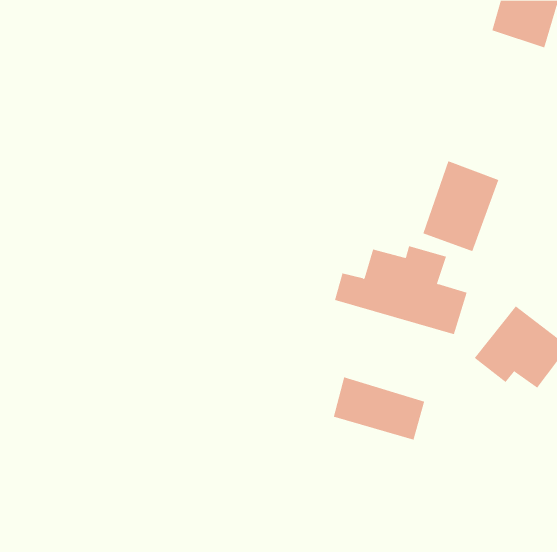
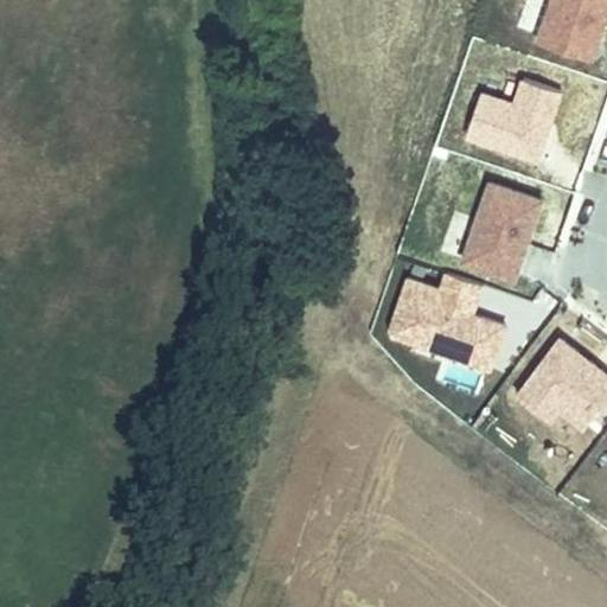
building: none -> [464,81,562,164]
building: [333,376,425,441] -> none

